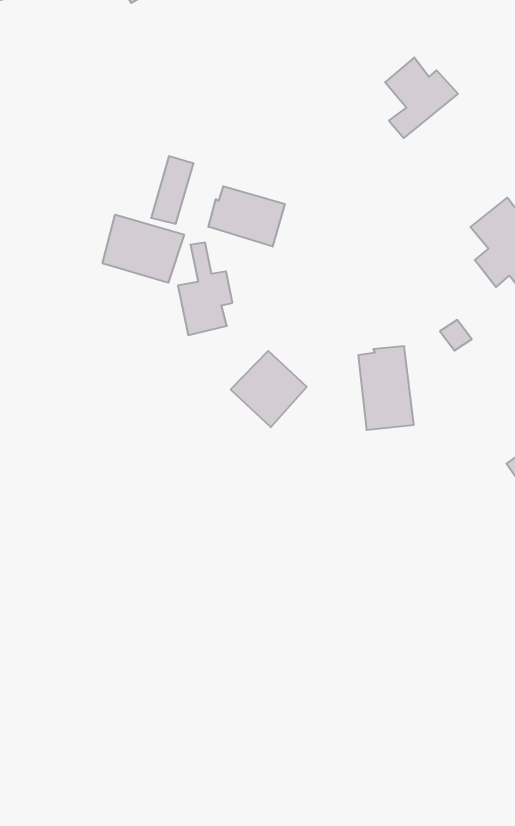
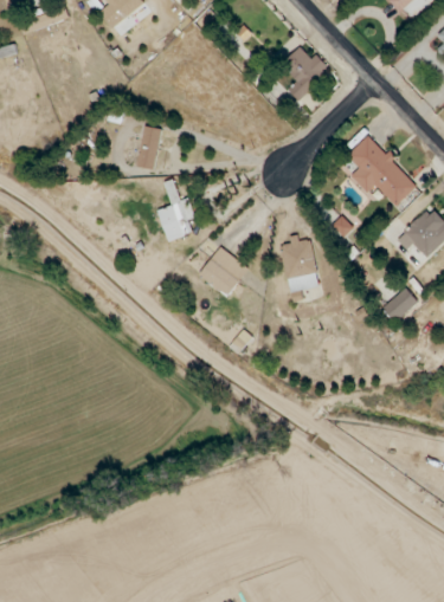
building: [208,186,285,247] -> none
building: [103,215,184,283] -> none

